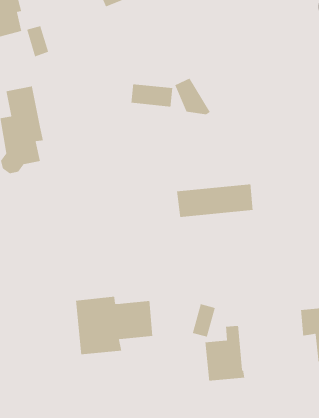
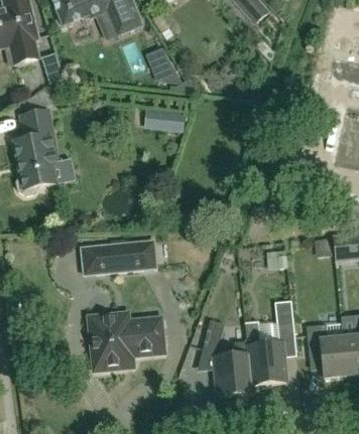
building: [174,78,211,115] -> [144,46,180,83]
building: [176,183,253,218] -> [82,240,156,273]
building: none -> [245,300,294,384]

